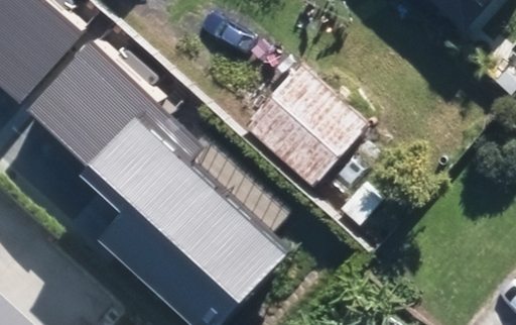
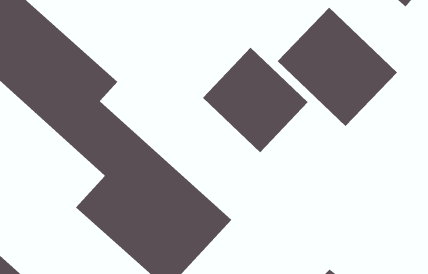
building: none -> [277,7,398,127]

